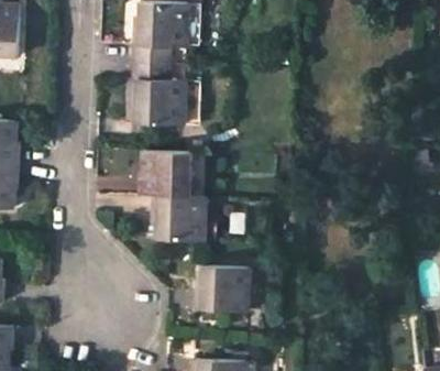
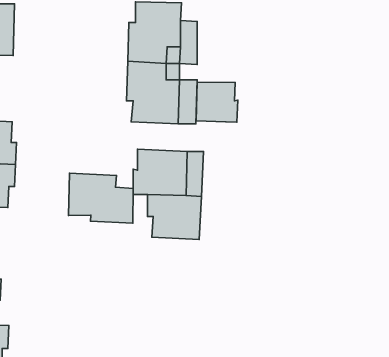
building: none -> [196,82,238,122]
building: none -> [69,173,133,223]
building: [196,265,250,310] -> none

